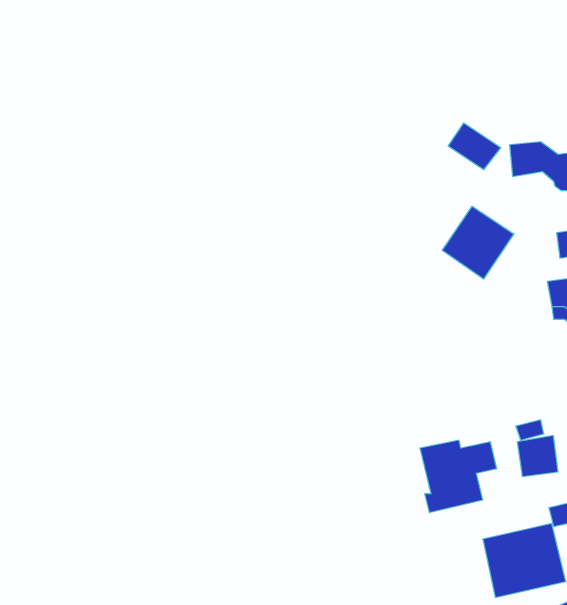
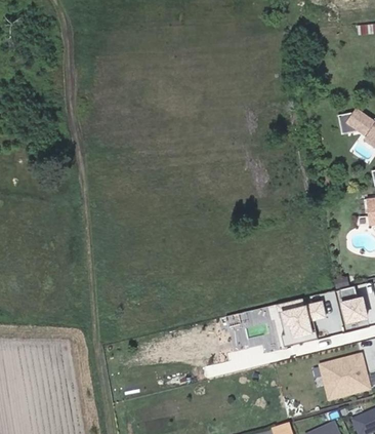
building: [448,123,501,170] -> none
building: [442,206,514,279] -> none

